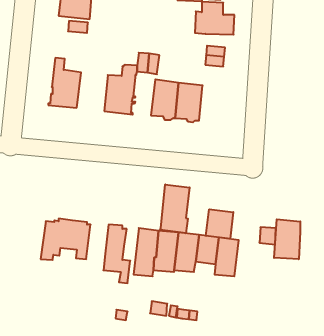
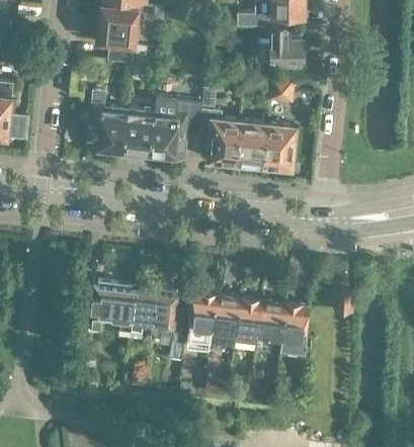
building: none -> [118,110,155,158]
building: none -> [262,125,297,172]
building: [160,184,190,233] -> none
building: [206,209,233,239] -> none
building: [274,219,300,259] -> none
building: none -> [130,287,156,331]

